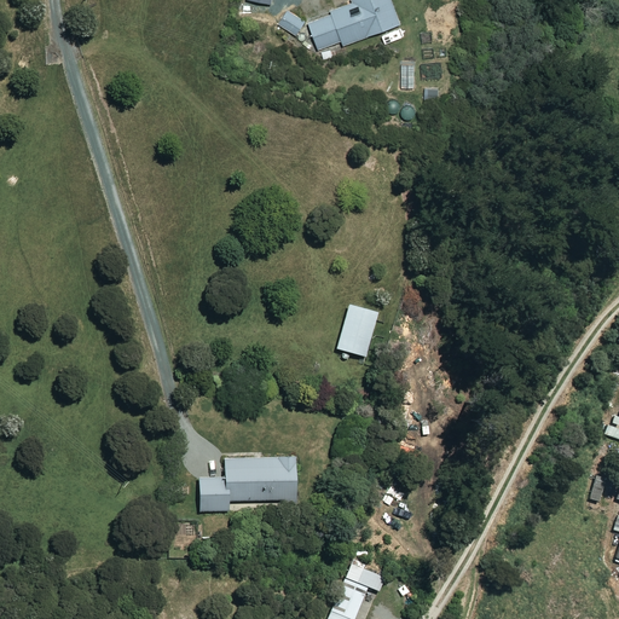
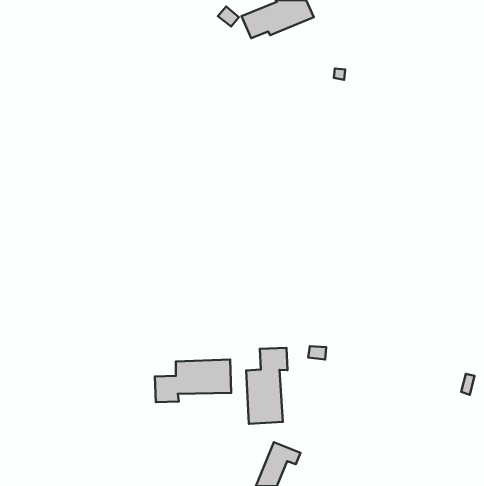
building: [337,305,377,355] -> none
building: none -> [246,348,287,424]

